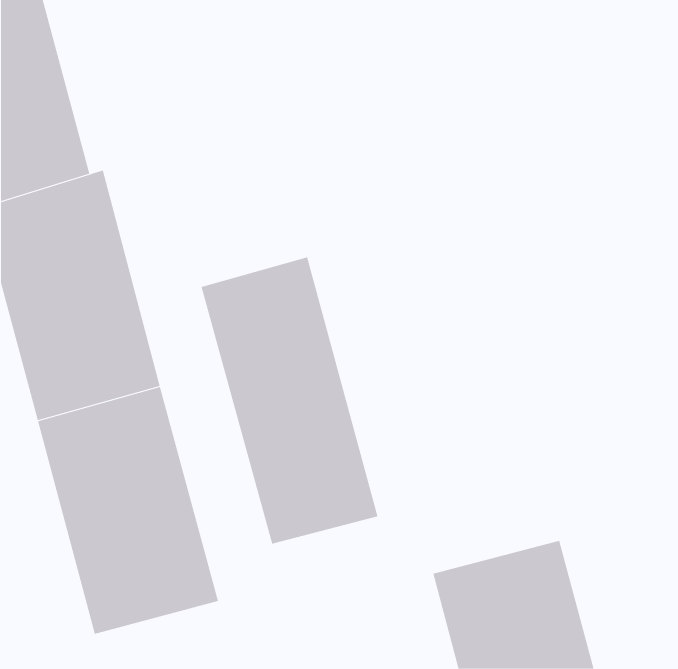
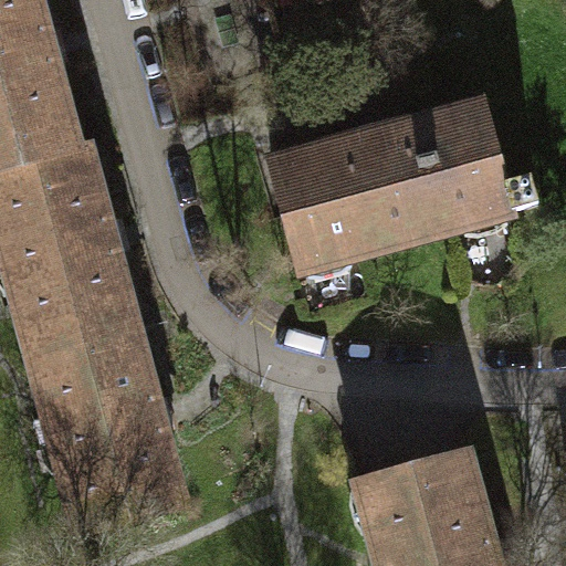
building: none -> [273,99,539,264]
building: [201,257,378,544] -> none

